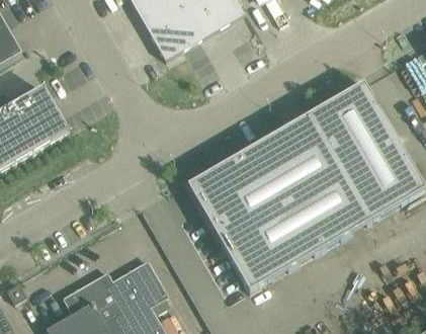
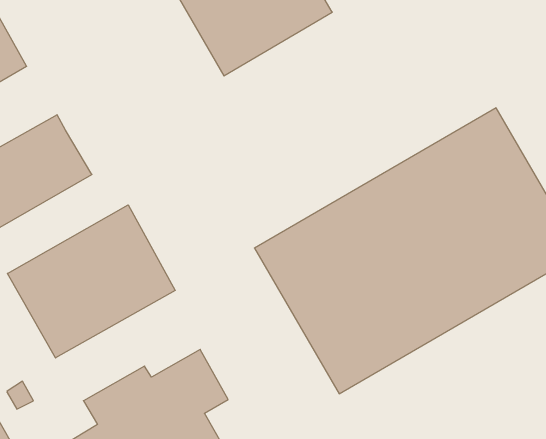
building: none -> [7,205,175,358]

